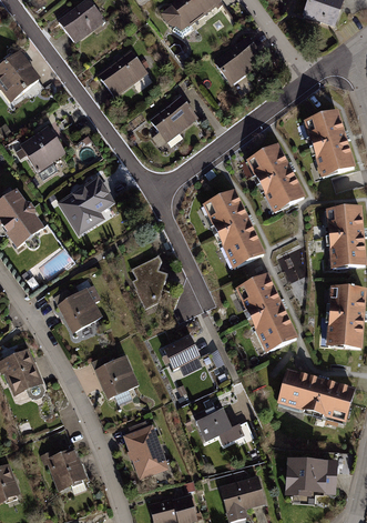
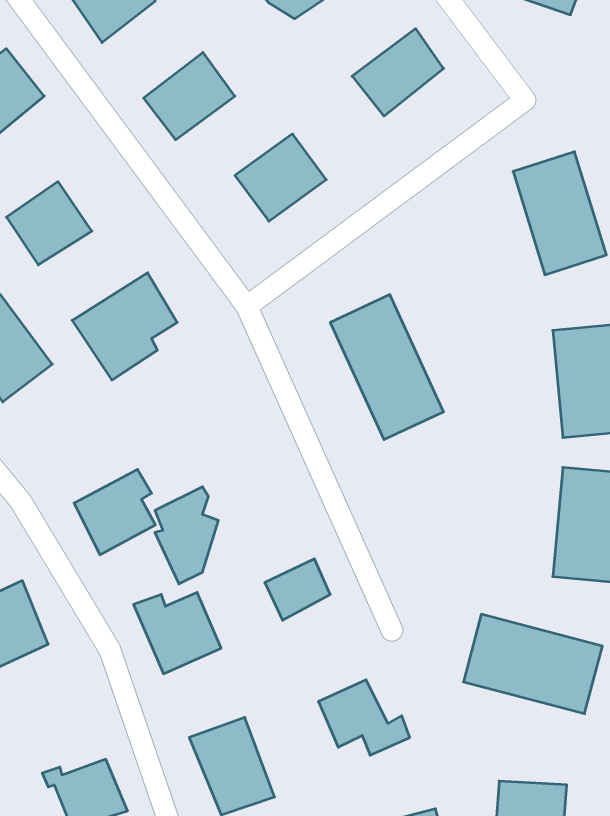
building: [245,142,305,211] -> none
building: [132,254,167,309] -> [155,487,218,584]
building: [235,272,297,352] -> none

